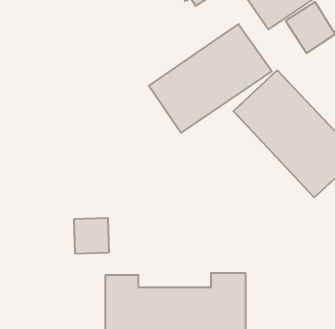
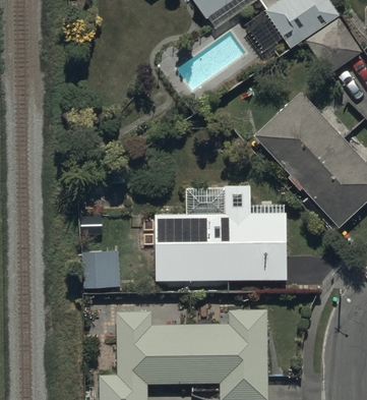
building: [149,24,272,133] -> none
building: none -> [155,186,287,280]

